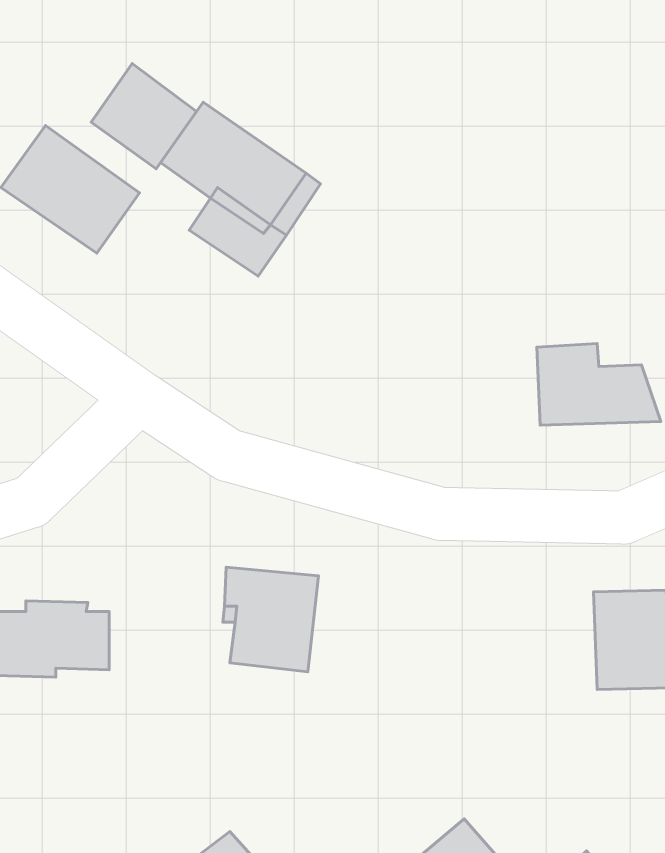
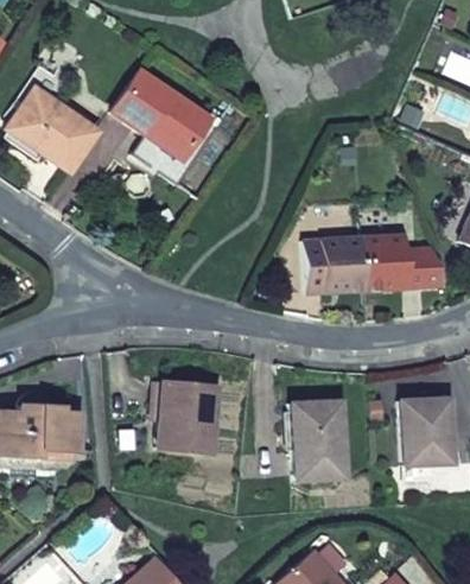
building: [91,64,196,169] -> none
building: none -> [301,235,366,290]
building: none -> [292,401,344,480]

